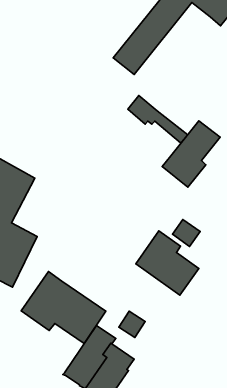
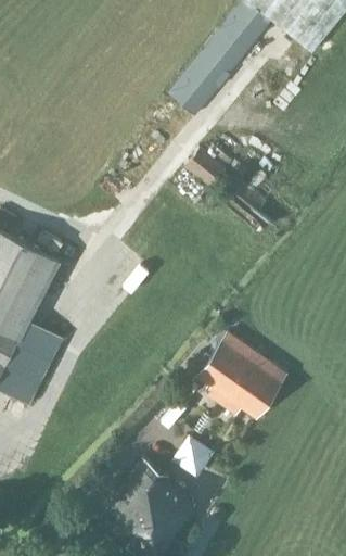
building: [162,121,220,187] -> none
building: [172,220,200,246] -> none
building: [21,272,106,344] -> none

